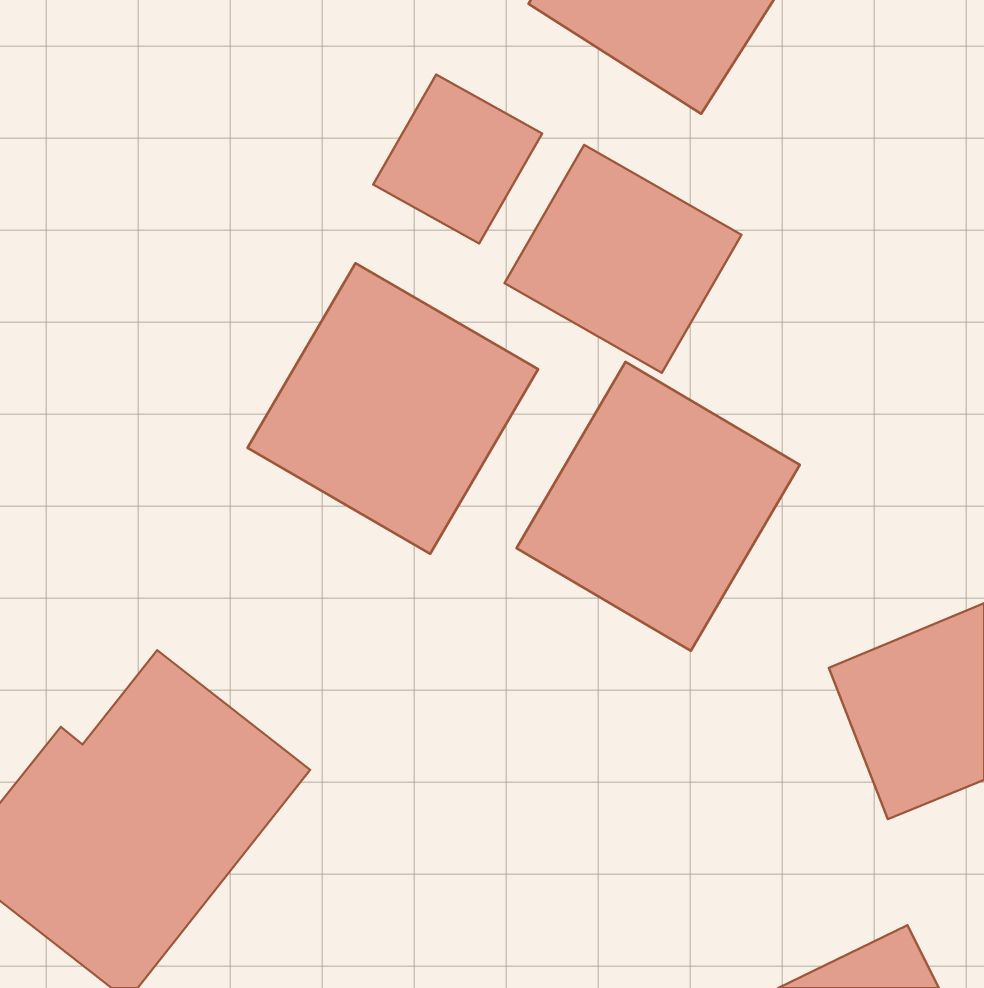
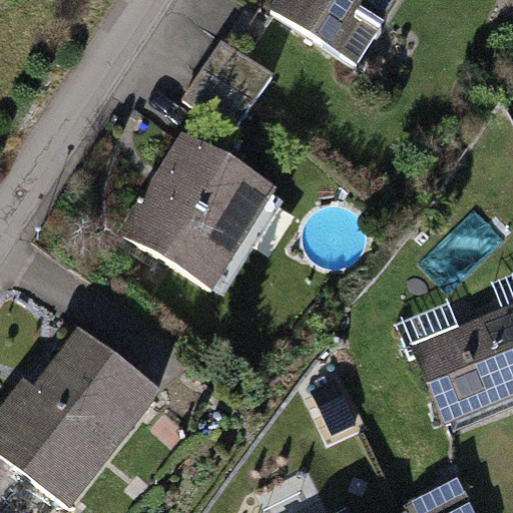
building: [505,145,741,373] -> none
building: [517,362,800,651] -> none

